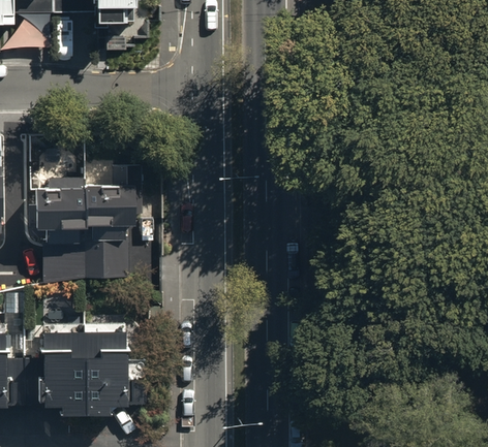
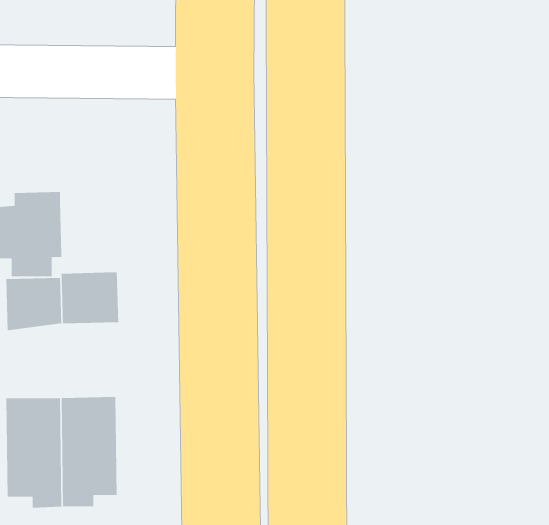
building: [85,165,142,238] -> none

